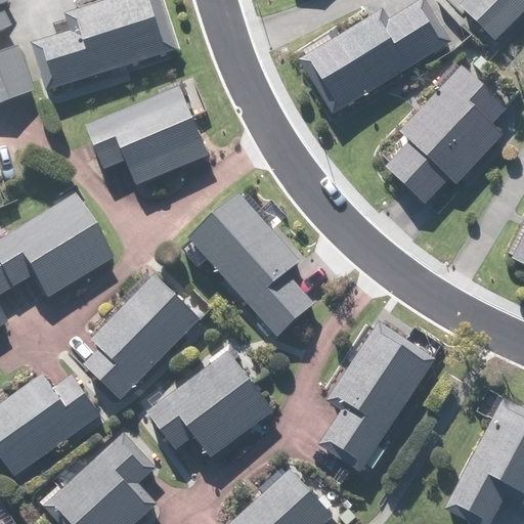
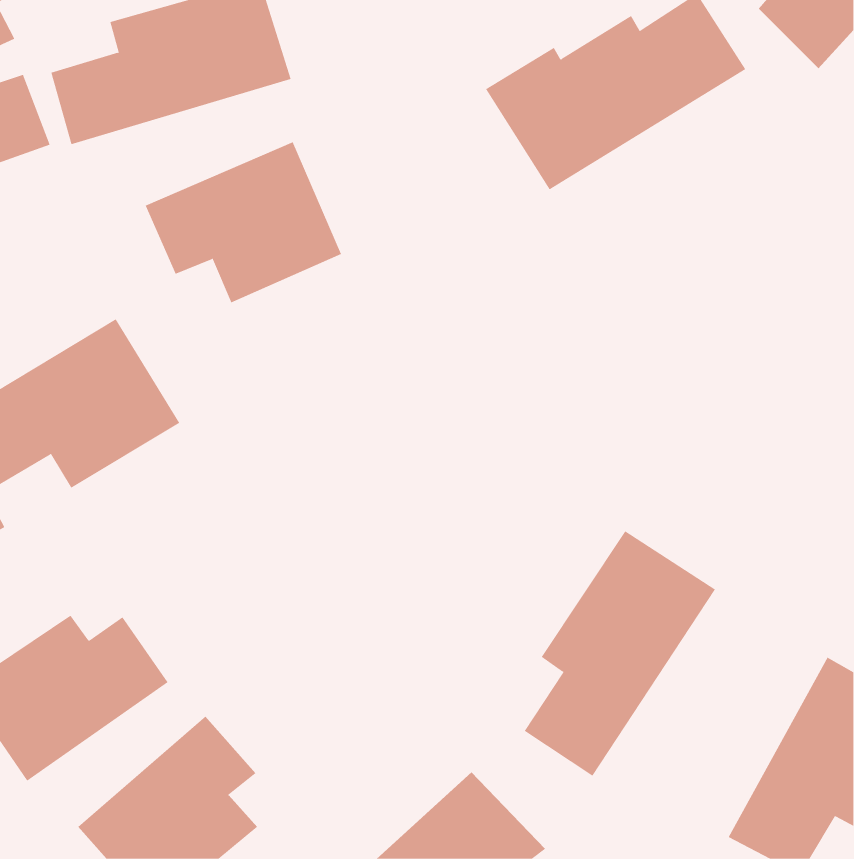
building: [384,66,511,206] -> none
building: [191,194,312,334] -> none
building: [85,274,199,397] -> none
building: [147,349,273,458] -> none

